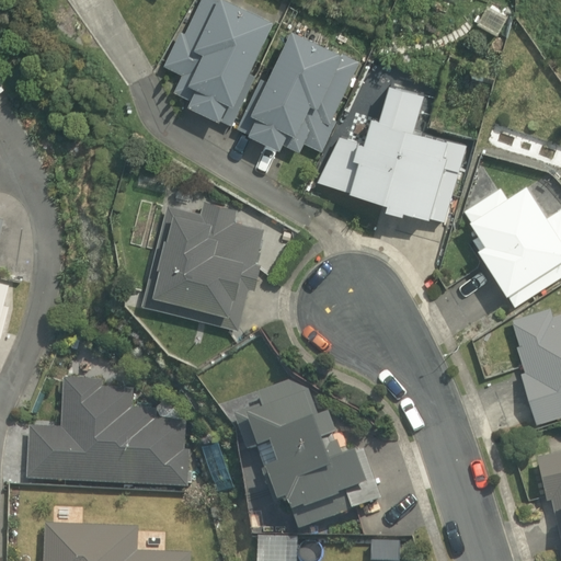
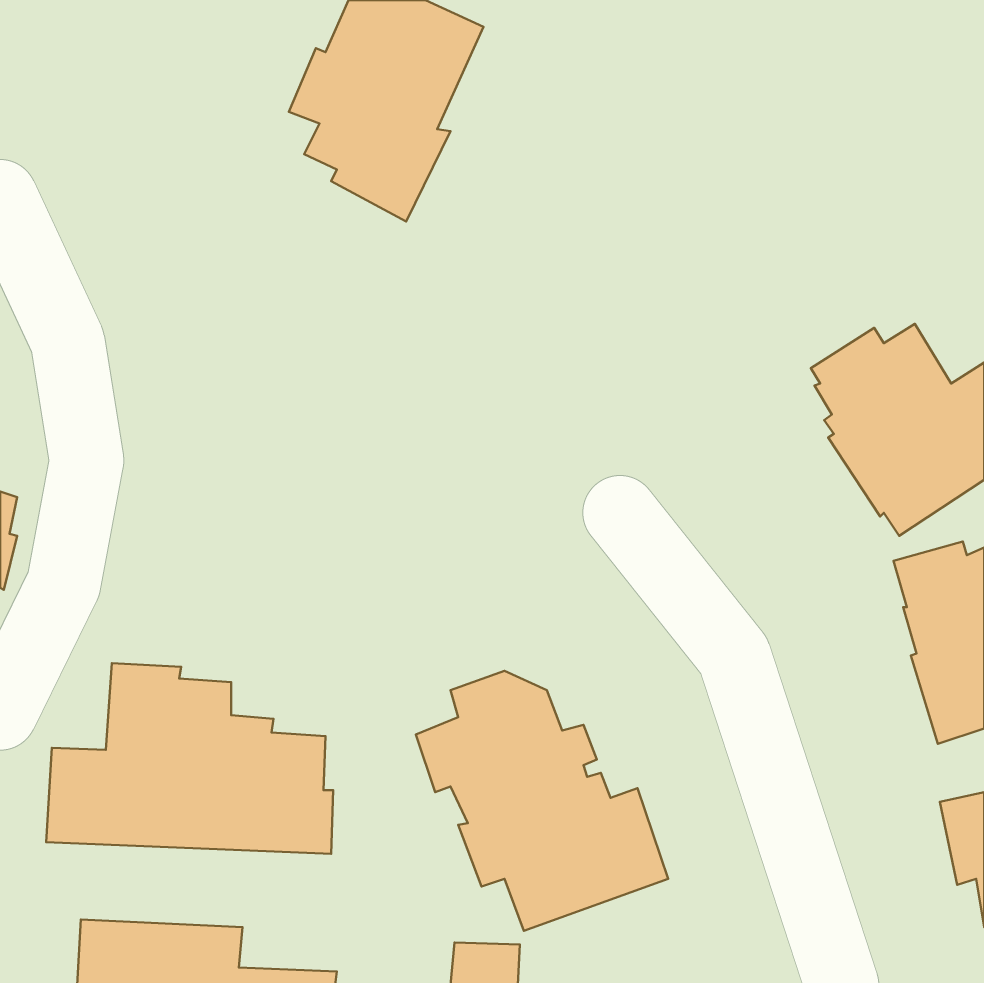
building: [250,30,358,151] -> none
building: [318,83,467,220] -> none
building: [141,199,264,329] -> none

